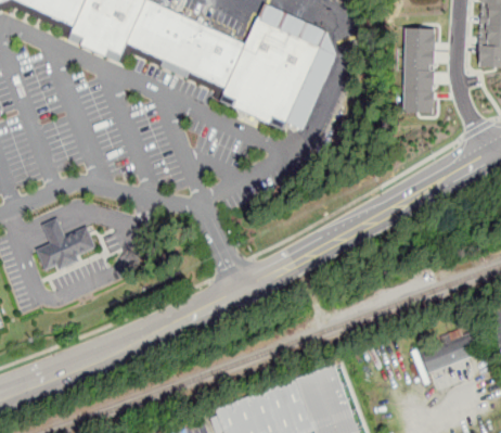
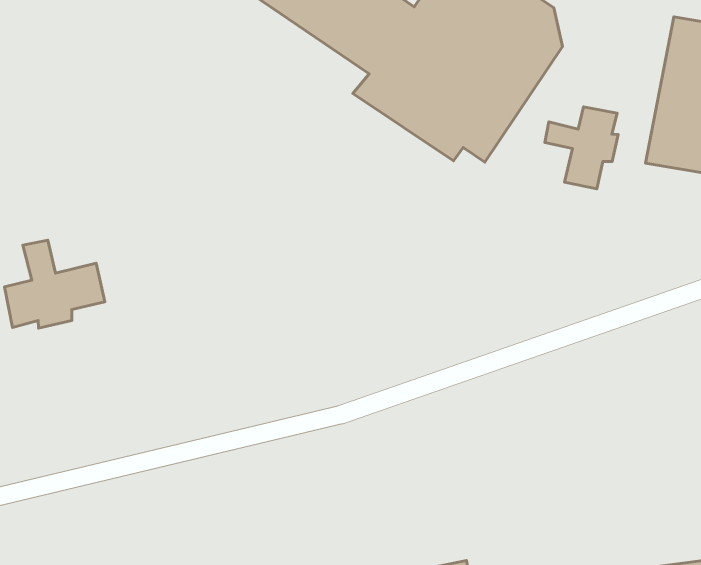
building: none -> [545,107,618,189]

